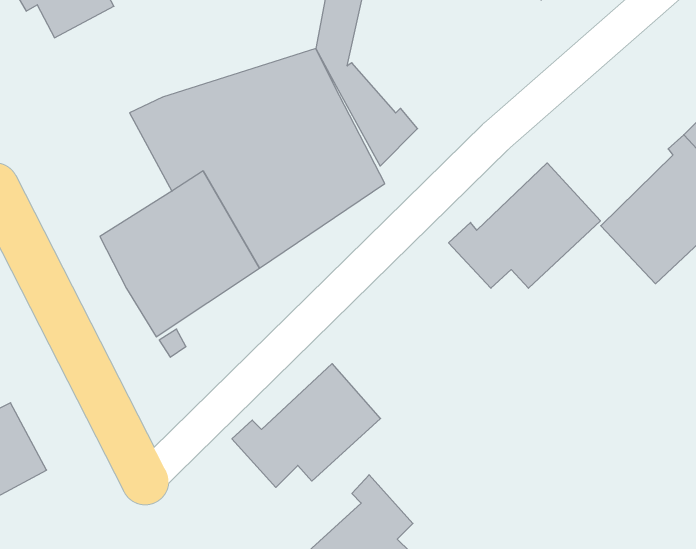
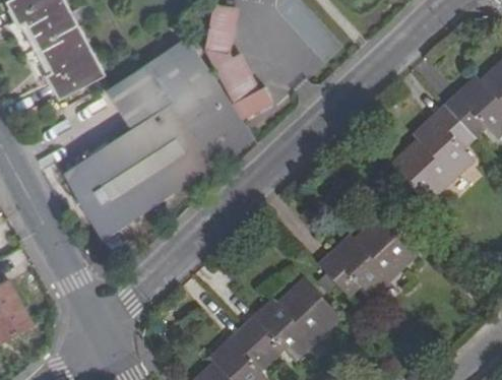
building: none -> [37,24,107,107]
building: [449,163,600,288] -> [318,214,417,296]
building: [232,364,381,487] -> [241,279,337,360]

